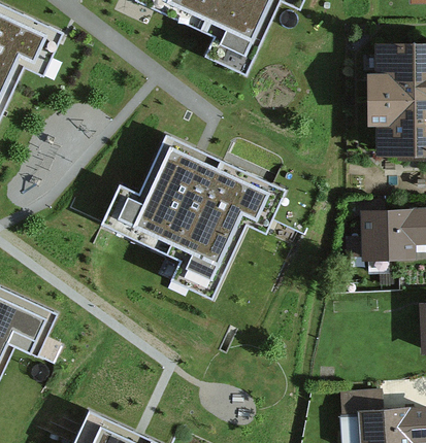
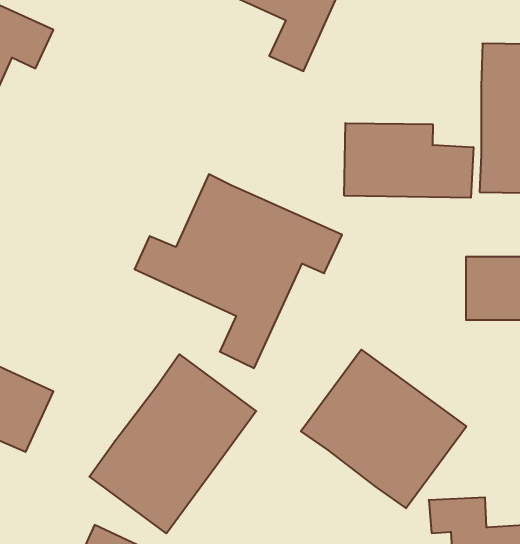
building: none -> [344,123,473,198]
building: none -> [301,350,466,508]
building: none -> [89,354,256,533]

